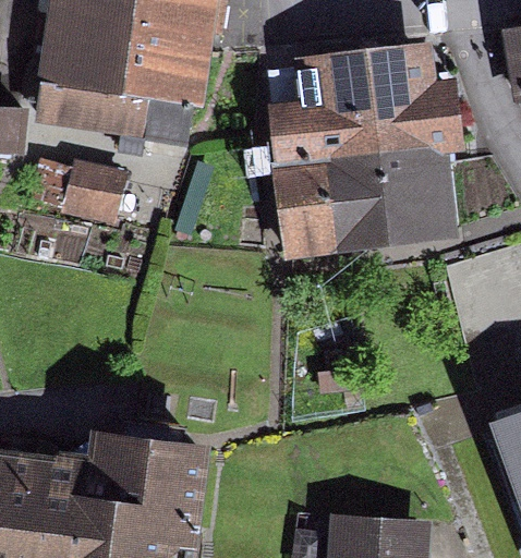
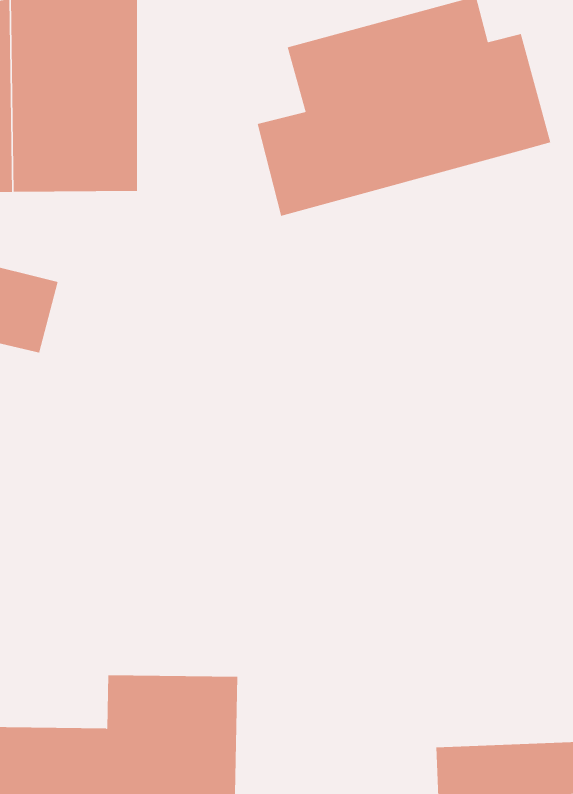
building: [281,144,455,253] -> none

